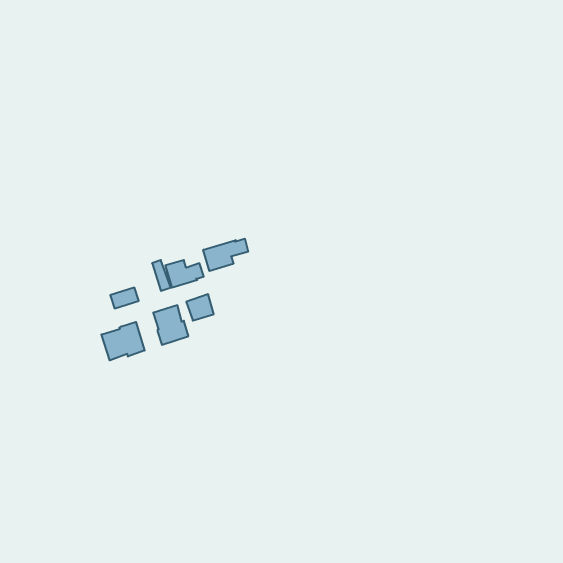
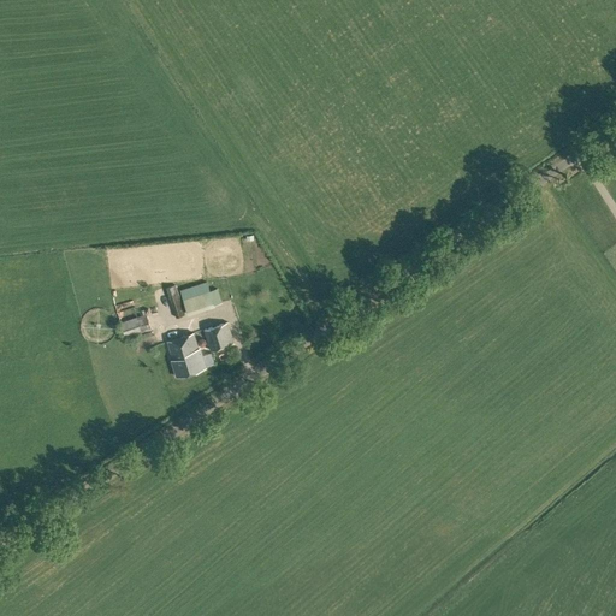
building: [203,239,248,271] -> none
building: [101,322,145,360] -> none

